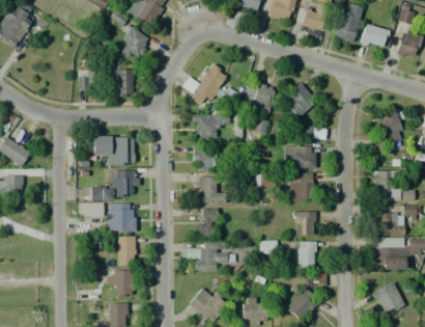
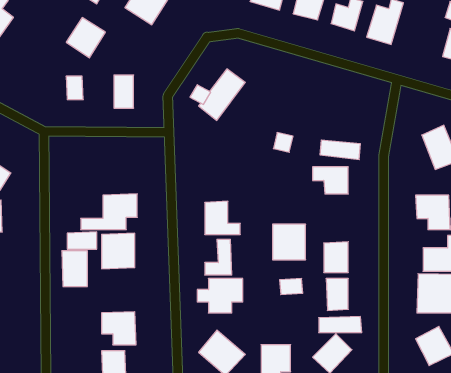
building: [361,23,390,49] -> none
building: [118,26,151,60] -> [66,18,105,58]
building: [245,80,276,112] -> none
building: [282,83,317,118] -> none
building: [193,114,230,138] -> none
building: [92,133,136,166] -> none
building: [194,145,217,170] -> none
building: [288,172,316,202] -> [273,224,306,260]
building: [114,236,136,266] -> [62,251,87,286]

